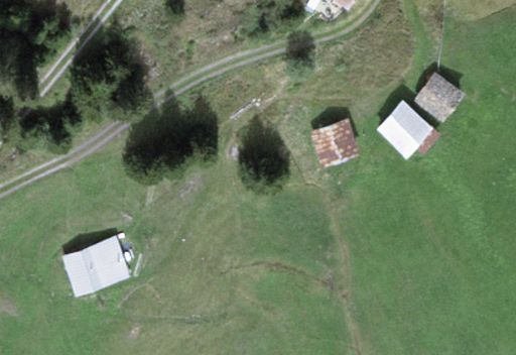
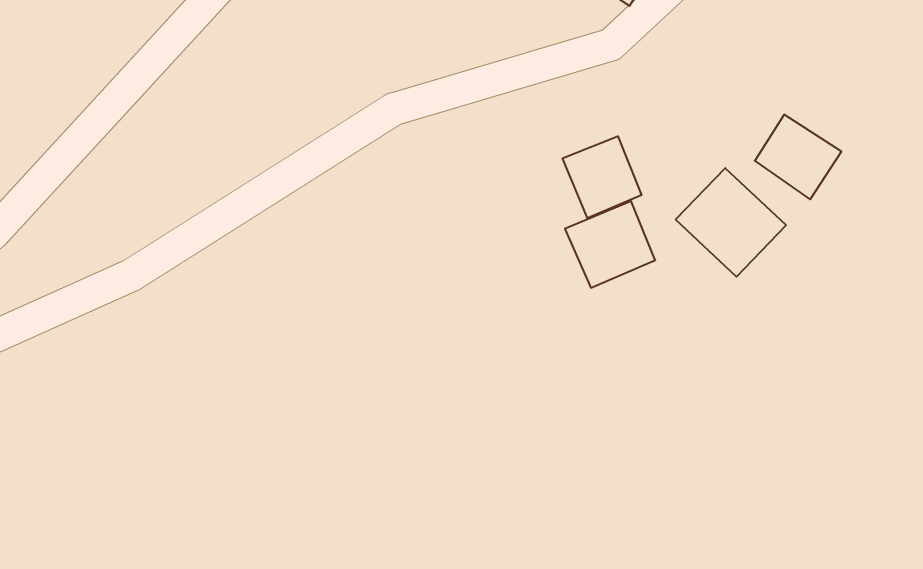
building: none -> [563,136,642,218]
building: [61,238,129,297] -> none

